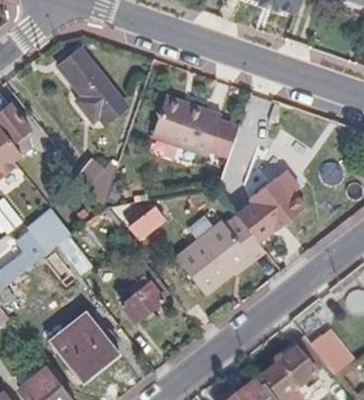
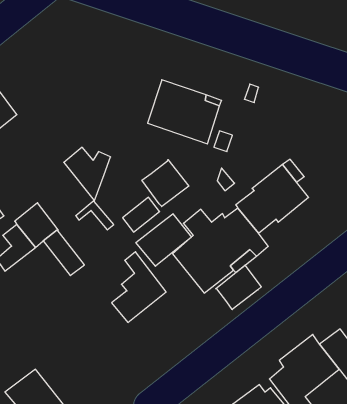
building: [59,53,121,115] -> none
building: none -> [142,160,189,207]
building: none -> [136,214,191,266]
building: none -> [216,265,261,310]
building: [51,308,123,382] -> none

